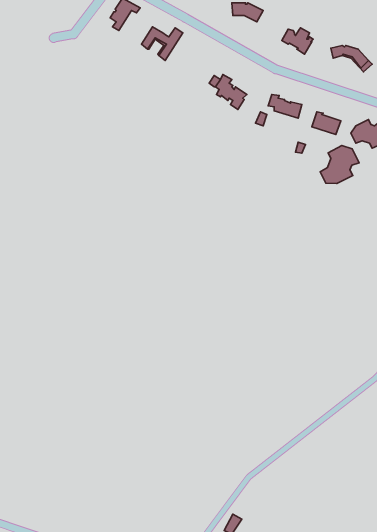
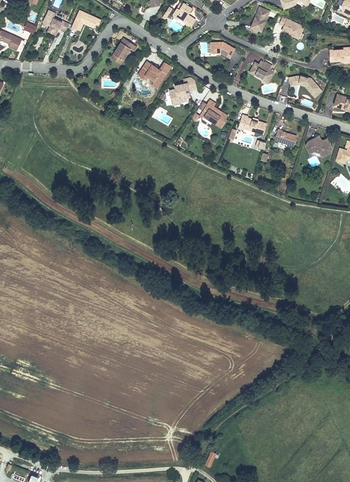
building: none -> [169,77,198,106]
building: [320,145,359,183] -> none

